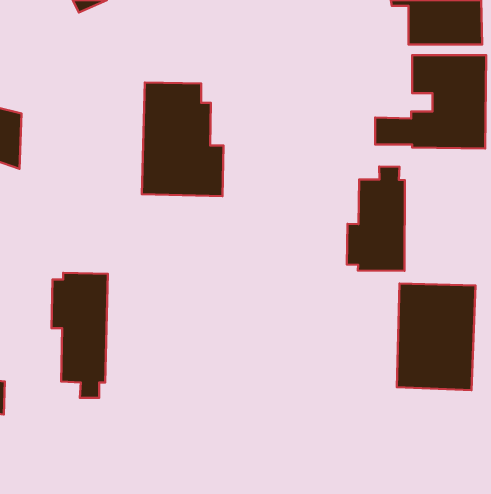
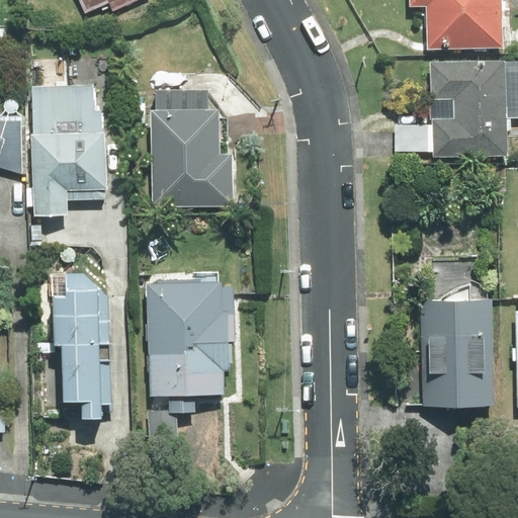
building: none -> [31,85,106,217]
building: [347,166,405,271] -> none
building: none -> [146,284,229,395]

